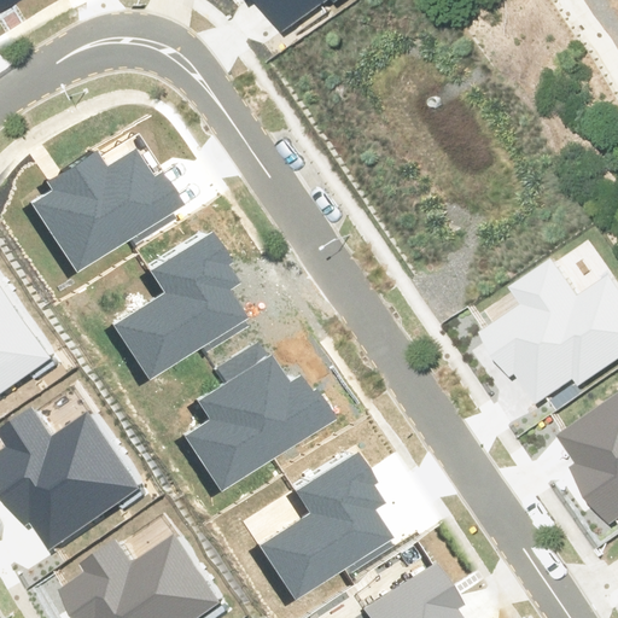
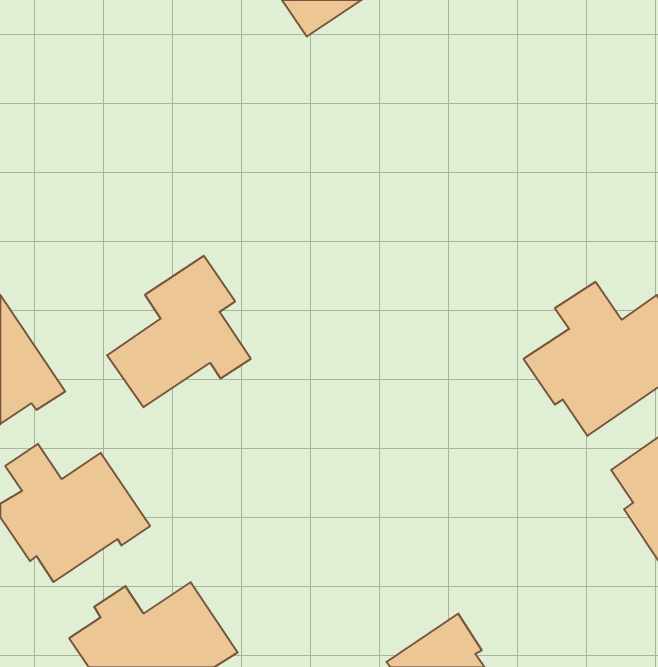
building: [28,153,176,269] -> none
building: [183,358,319,486] -> none
building: [255,460,385,595] -> none

